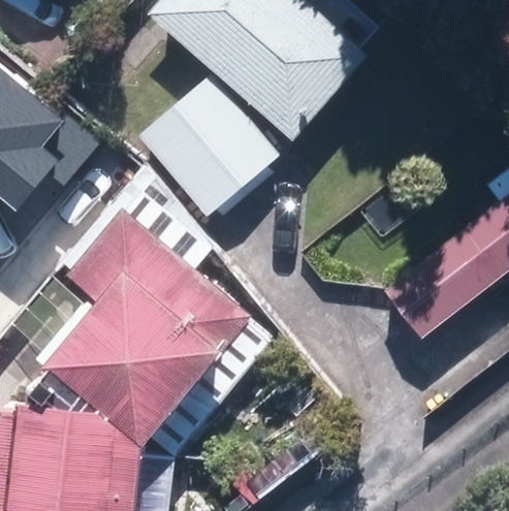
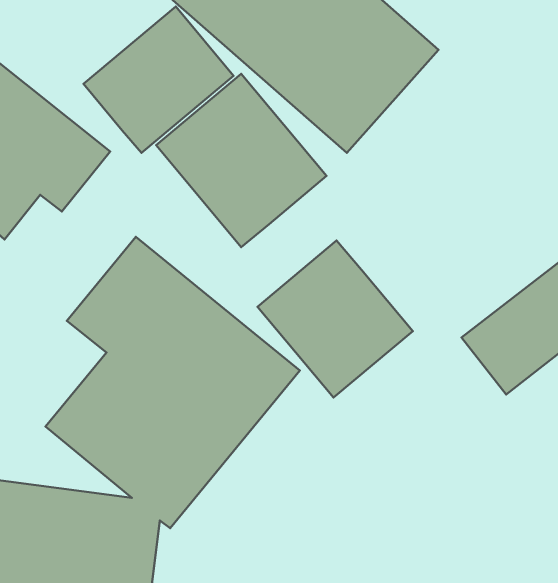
building: none -> [83,7,234,153]
building: none -> [257,240,413,398]

